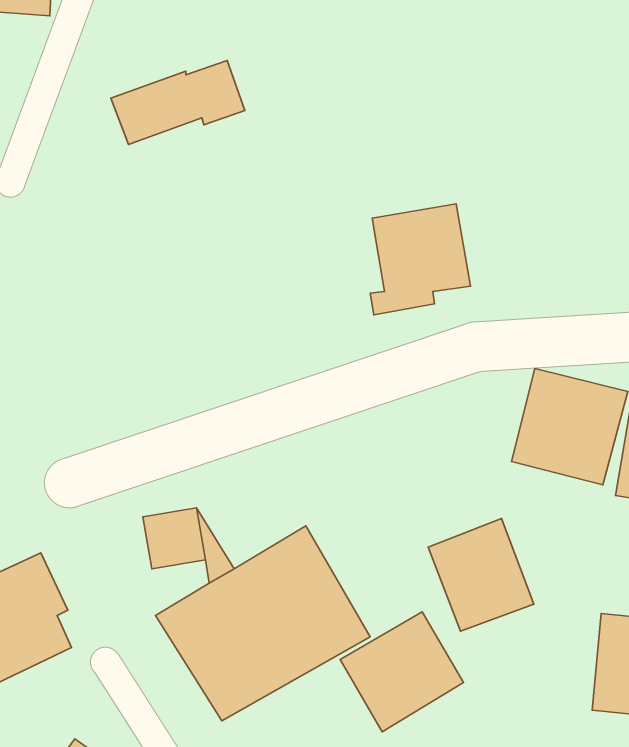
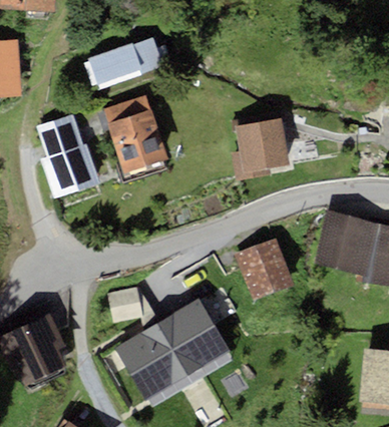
building: none -> [102,94,167,173]
building: none -> [38,113,99,198]
building: [428,518,534,631] -> [235,238,294,301]
building: [340,612,464,732] -> none

